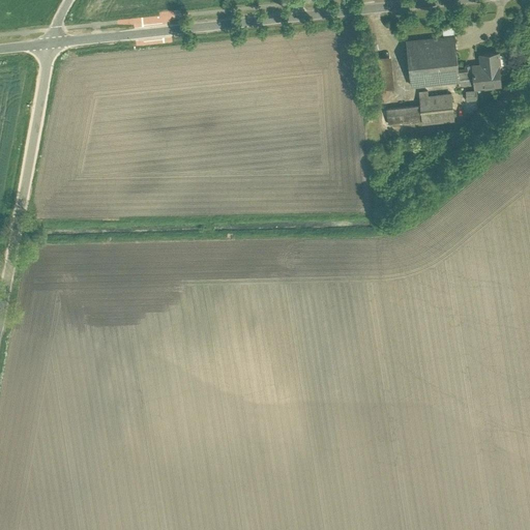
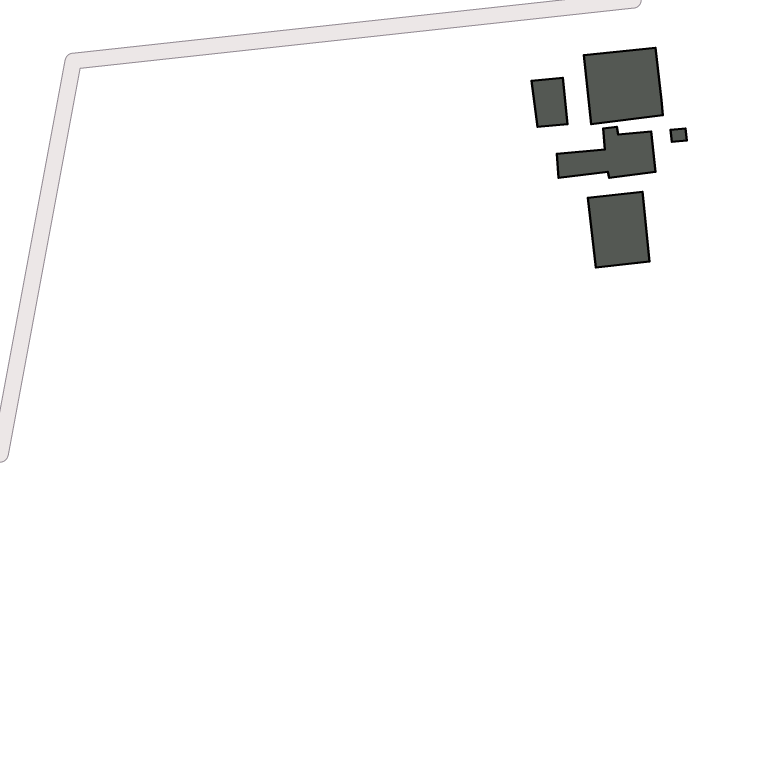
building: [459,53,502,90] -> none
building: none -> [588,192,649,267]

